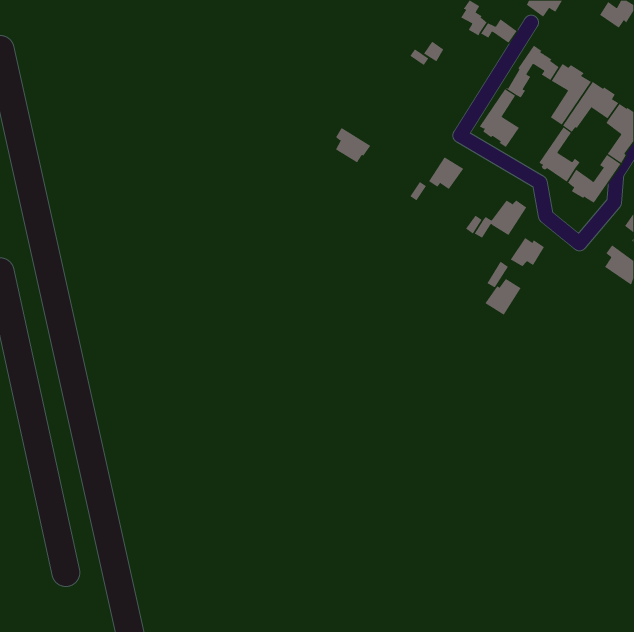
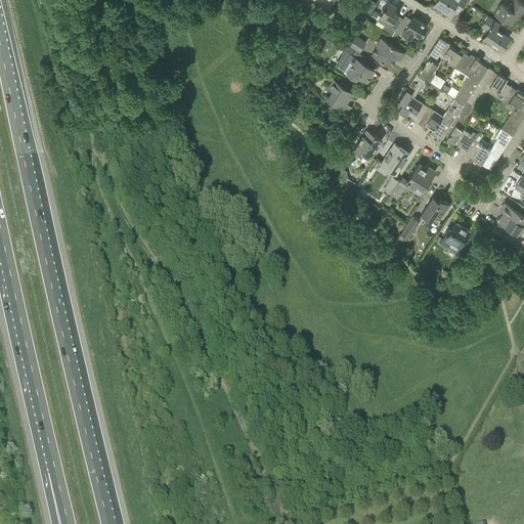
building: none -> [481,17,509,51]
building: none -> [372,39,404,67]
building: none -> [346,57,375,82]
building: none -> [418,99,465,140]
building: [335,127,371,163] -> [328,81,357,111]
building: none -> [381,145,409,176]
building: [484,278,522,315] -> [439,223,470,254]

